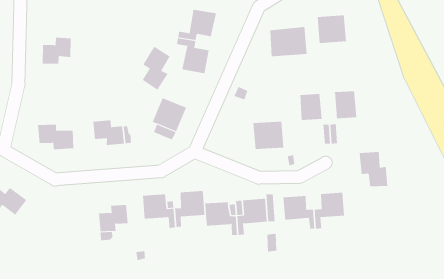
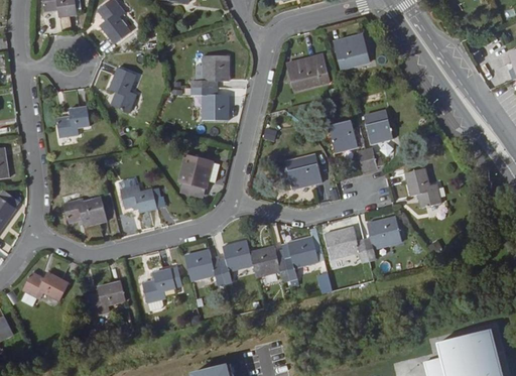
building: [142,46,170,90] -> [109,68,137,113]
building: none -> [88,280,126,316]

